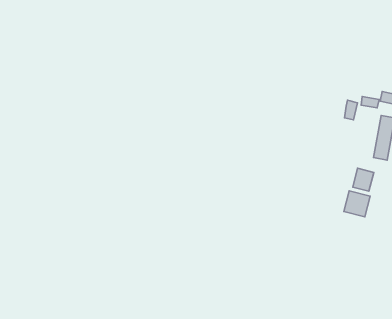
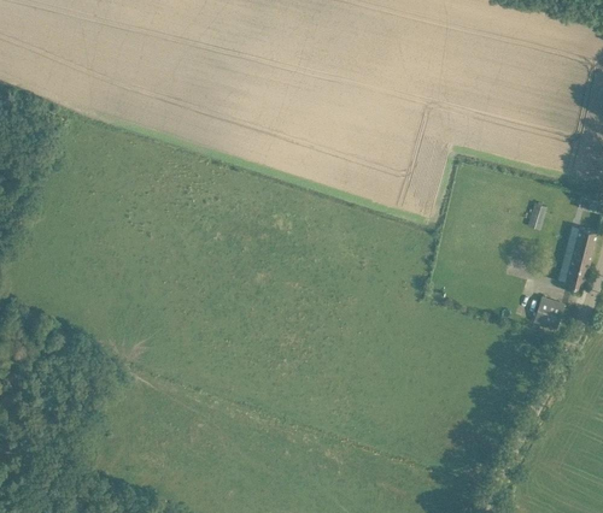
building: [344,191,370,217] -> none

